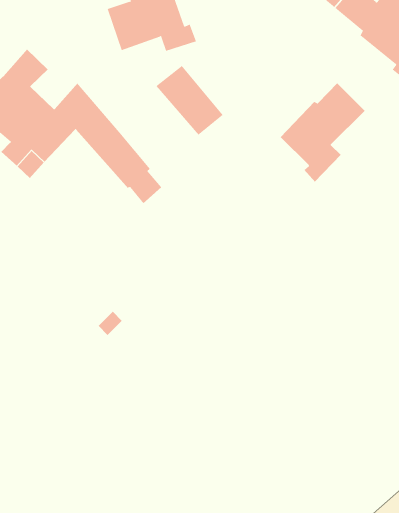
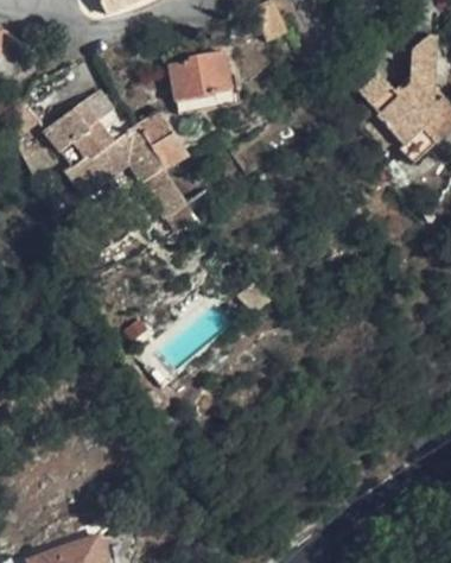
building: [155,65,224,135] -> [135,109,189,170]
building: [280,83,366,182] -> none

